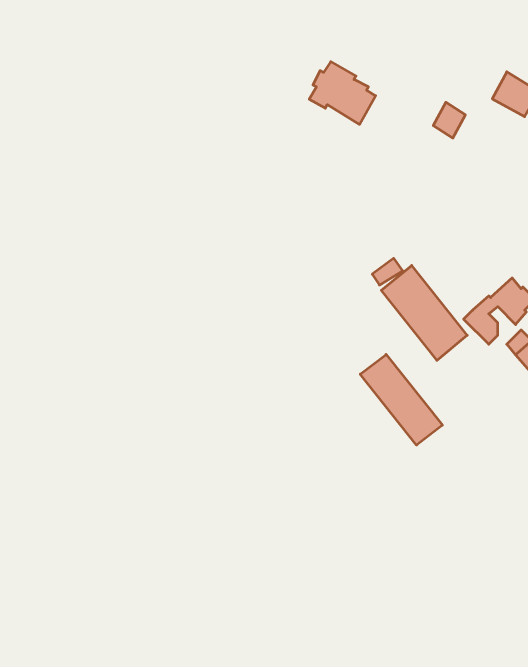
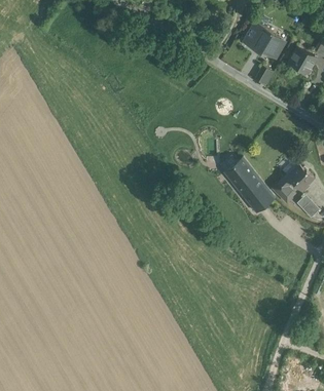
building: [309,62,376,124] -> [246,23,284,58]
building: [360,354,442,445] -> none

